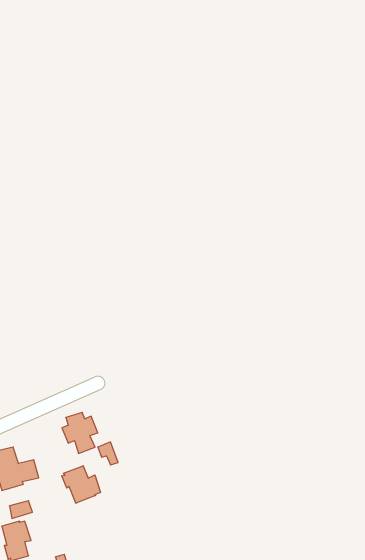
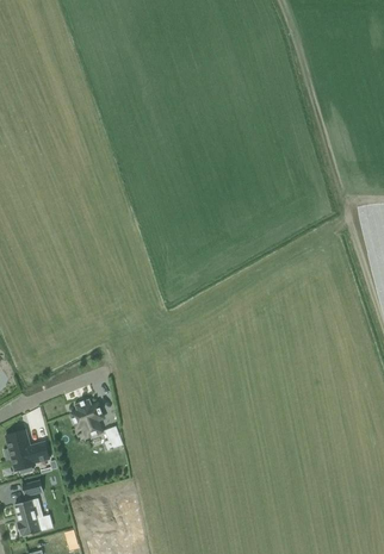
building: [62,466,100,503] -> none

